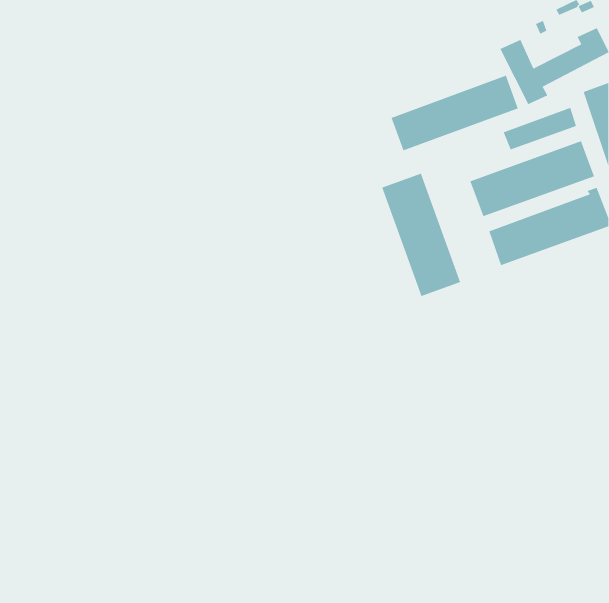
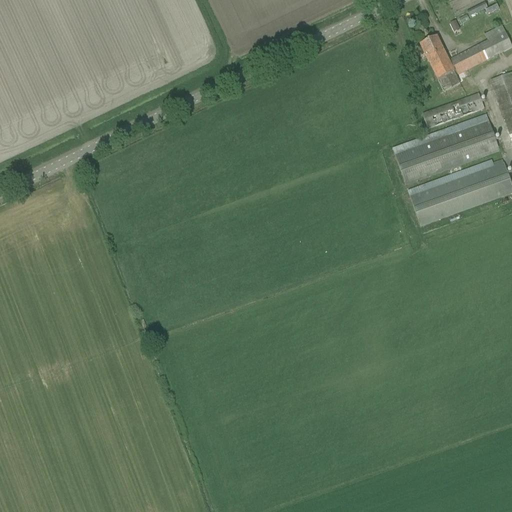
building: [391,75,519,151] -> none
building: [381,173,461,297] -> none

